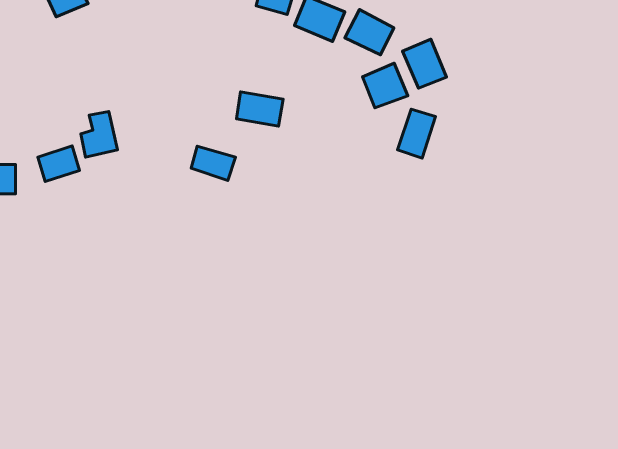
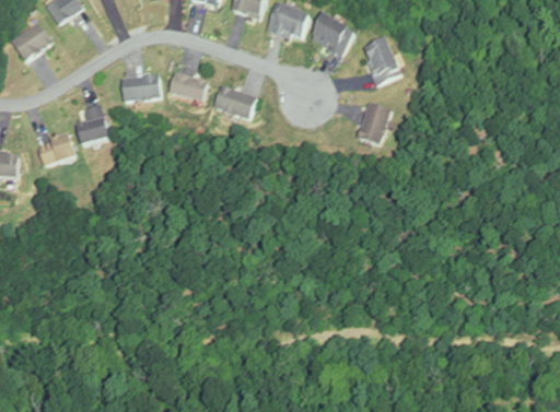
building: none -> [10,20,51,59]
building: [362,63,408,108] -> none
building: none -> [120,74,160,101]
building: [191,146,235,180] -> [168,71,208,102]

